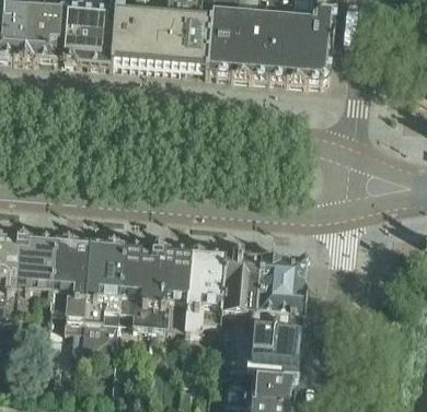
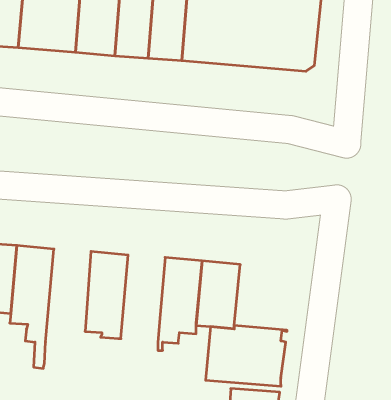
building: [79,244,123,355] -> none
building: [150,249,191,329] -> none
building: [254,258,307,318] -> none

